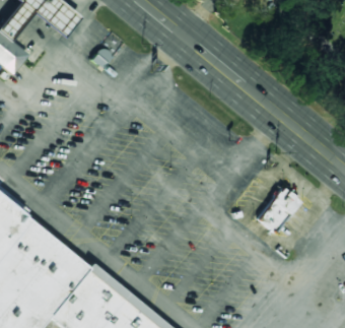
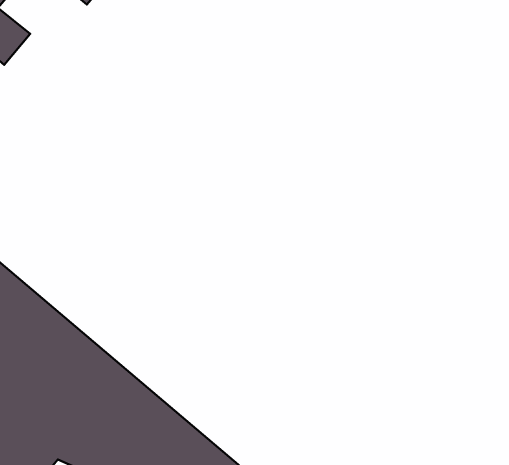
building: [255,185,297,231] -> none

